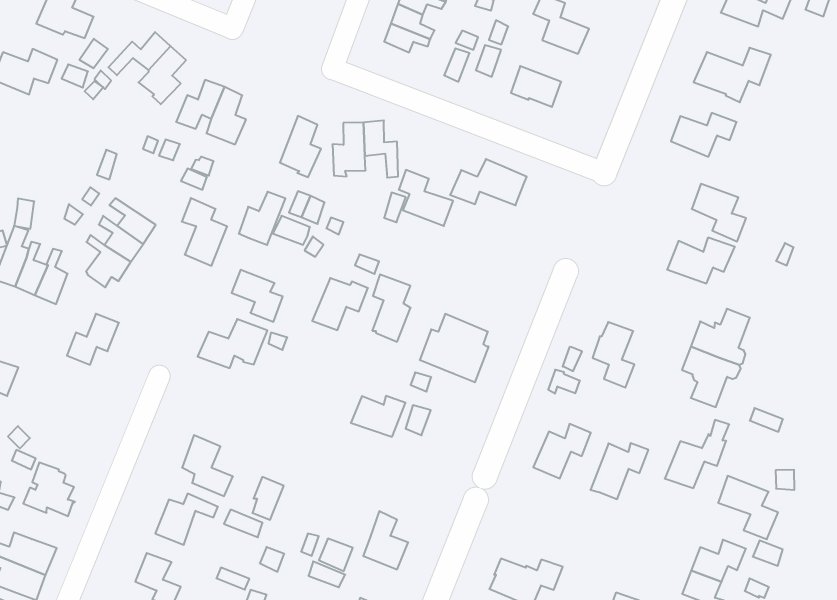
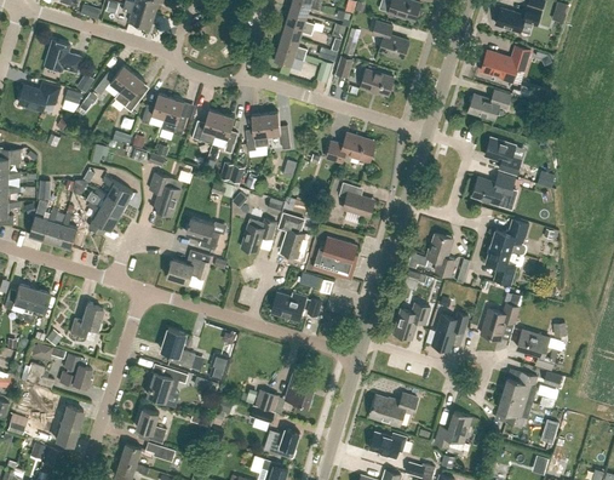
building: [399,170,453,226] -> [338,182,374,217]
building: [239,192,285,245] -> [191,109,220,144]
building: [67,314,119,365] -> [69,304,102,338]

